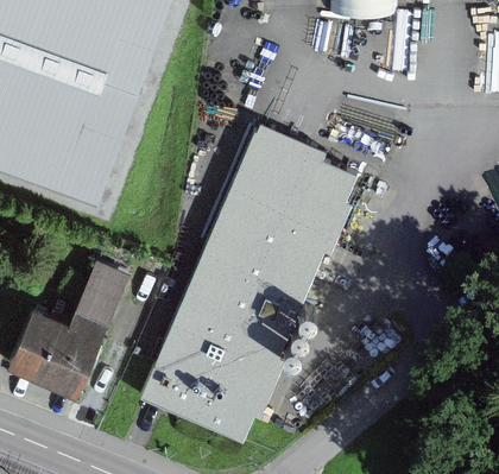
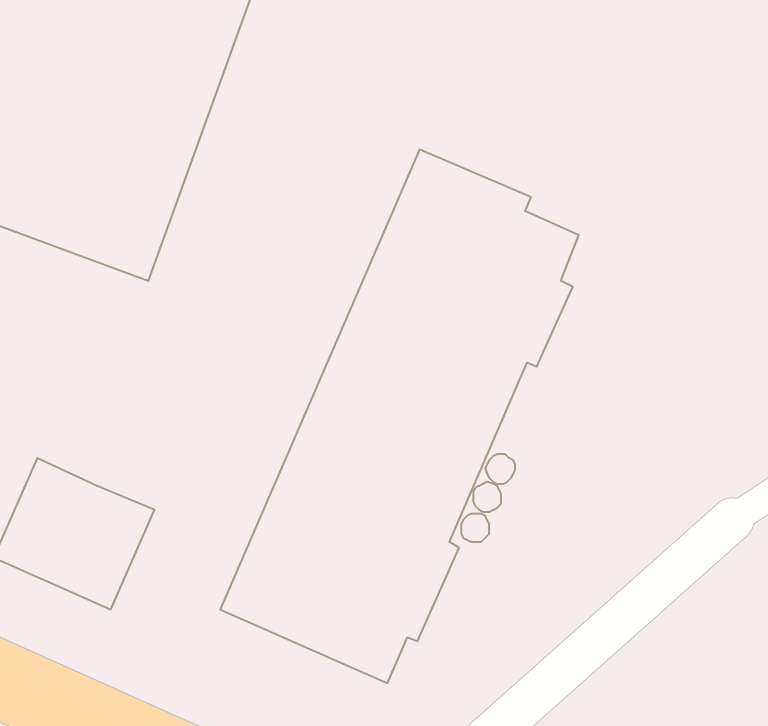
building: [68,261,130,339] -> none

